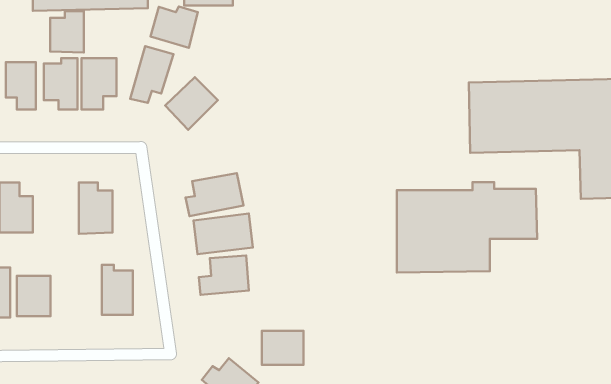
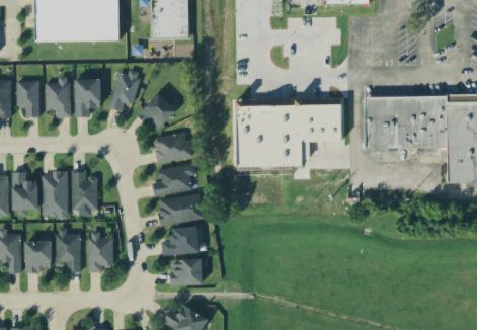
building: [150,6,198,48] -> none
building: [50,11,84,53] -> none
building: none -> [154,134,190,161]
building: [397,182,537,273] -> [242,100,347,168]
building: none -> [43,171,68,216]
building: none -> [56,231,81,272]
building: [262,331,304,365] -> [170,259,202,284]

